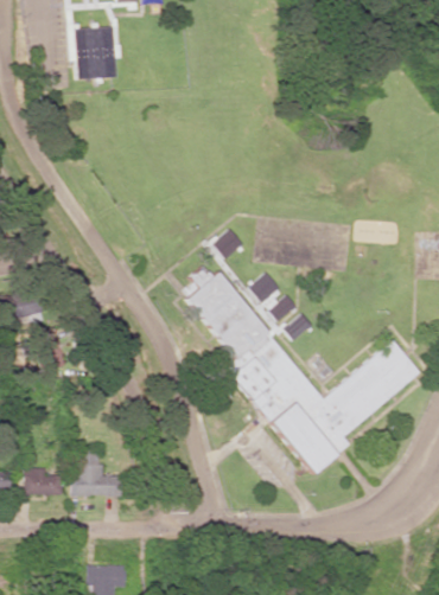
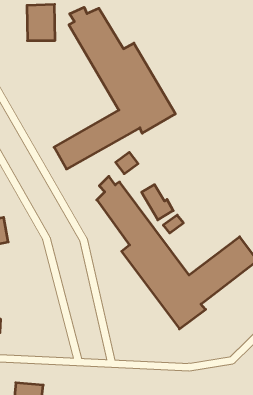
building: none -> [54,7,175,169]
building: [74,450,122,495] -> none

